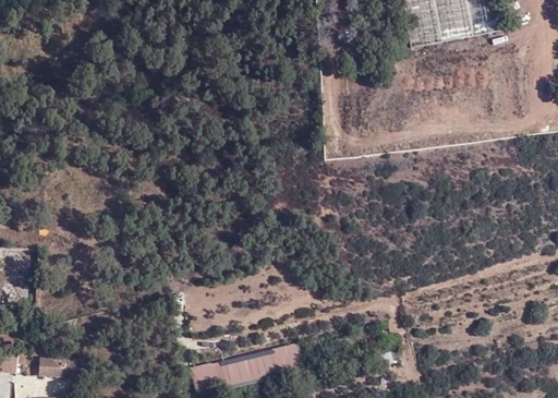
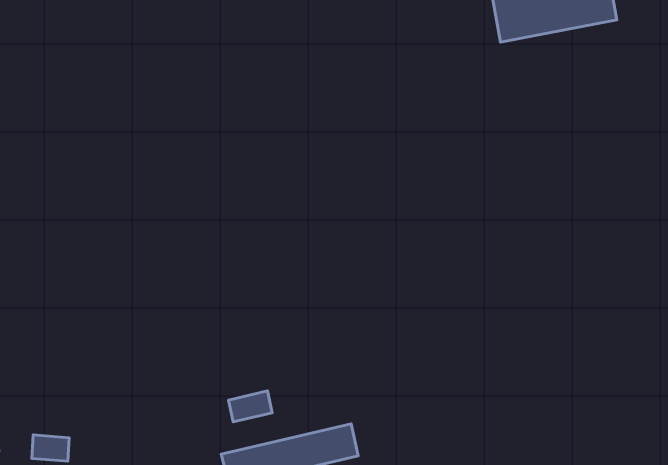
building: none -> [228,391,272,422]

